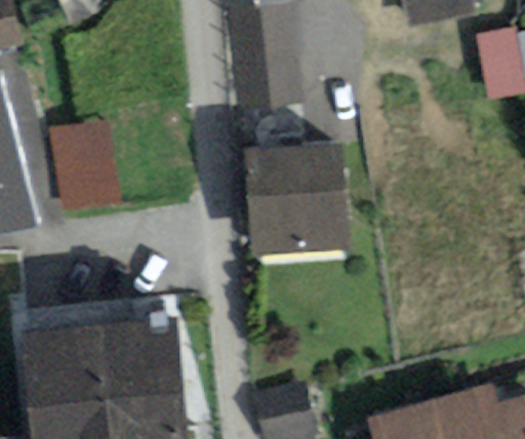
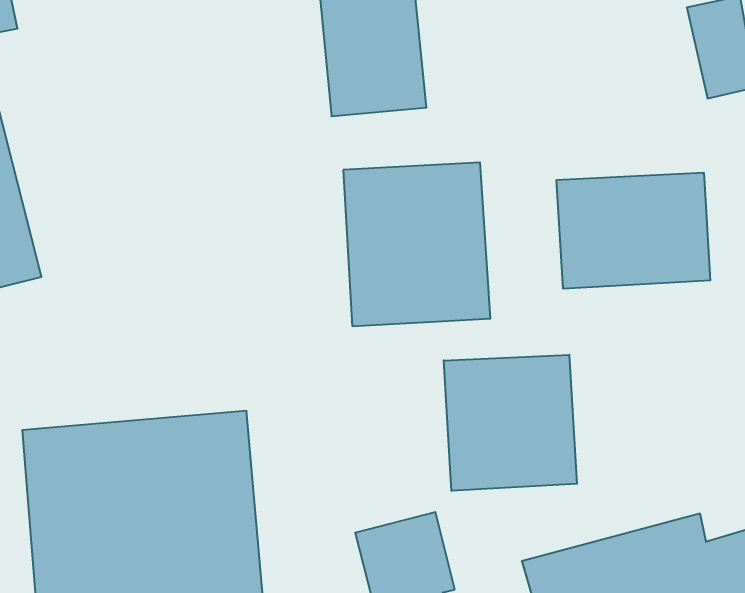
building: none -> [557,173,710,289]
building: none -> [444,355,577,491]

